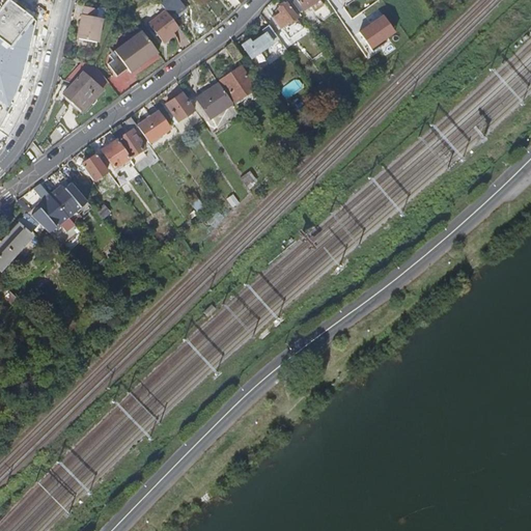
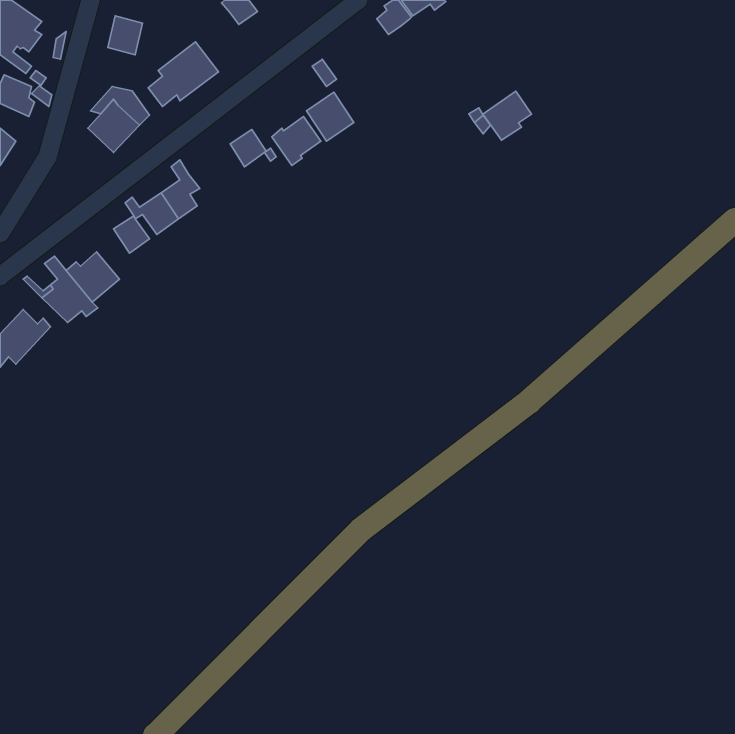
building: [148,10,178,41] -> none
building: [358,17,393,52] -> [483,91,532,140]
building: [242,26,278,59] -> none
building: [136,112,169,144] -> none

